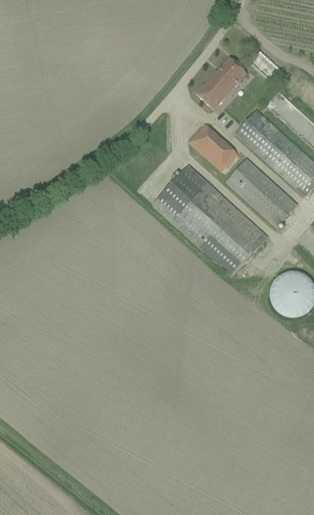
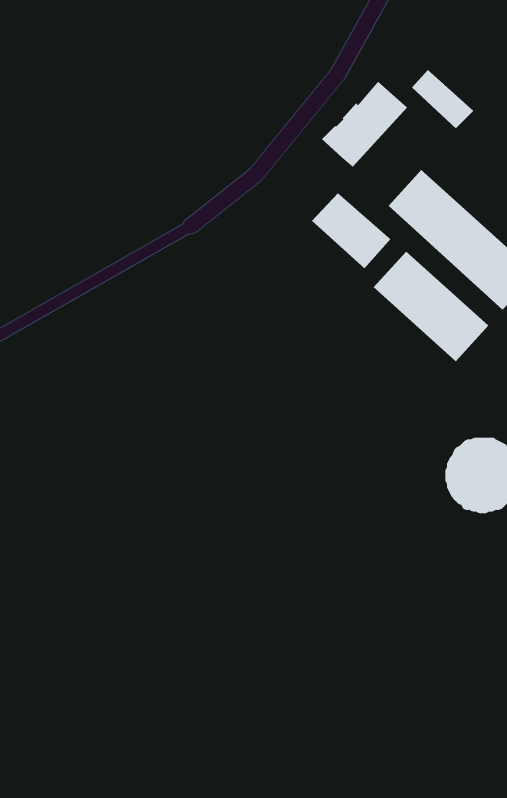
building: [153,165,268,276] -> none

